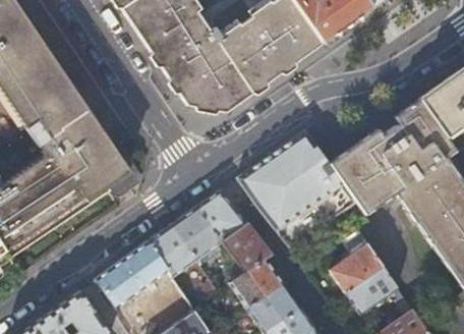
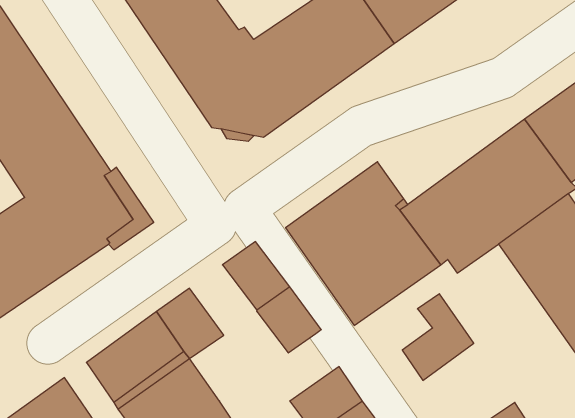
building: [171,207,221,259] -> none
building: [228,258,282,308] -> none
building: [344,265,398,314] -> none

